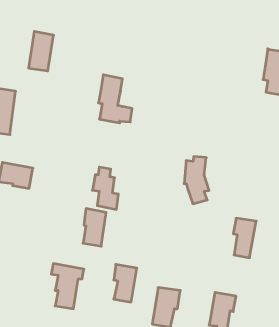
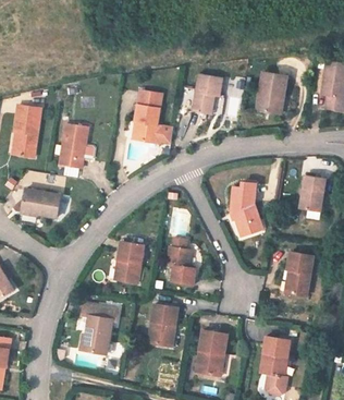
building: [29,31,54,71] -> [59,123,87,168]
building: none -> [256,72,286,113]
building: none -> [192,74,222,114]
building: none -> [299,174,325,211]
building: [92,167,118,209] -> [165,238,195,286]

